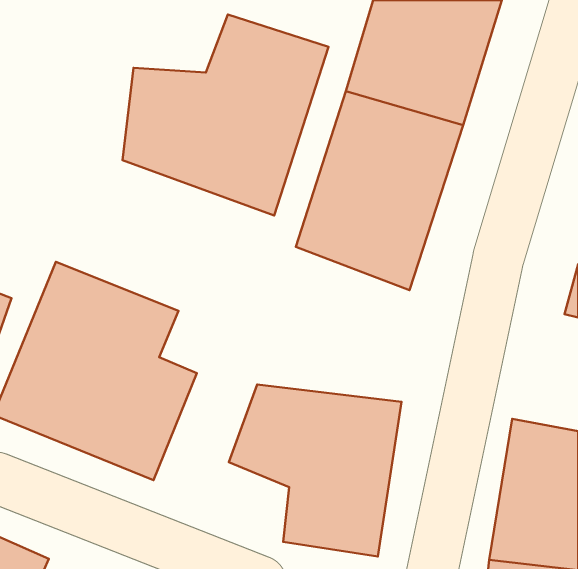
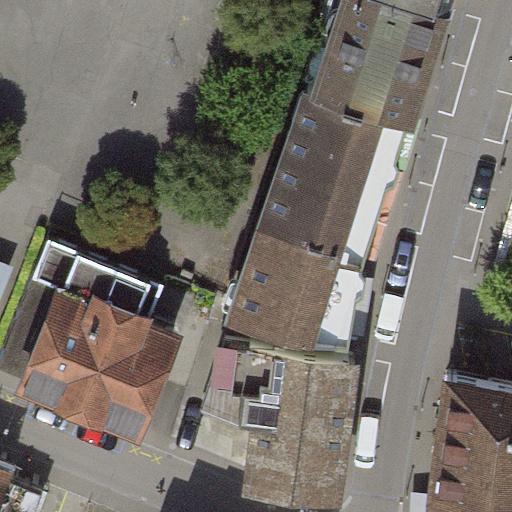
building: [123,15,329,215] -> none
building: none -> [227,228,360,346]

